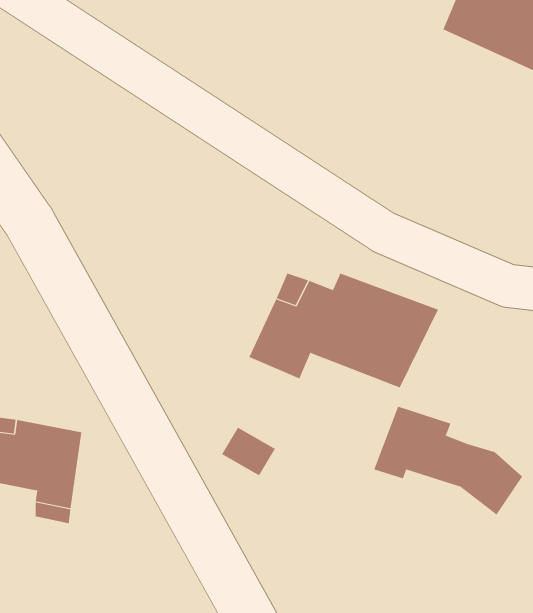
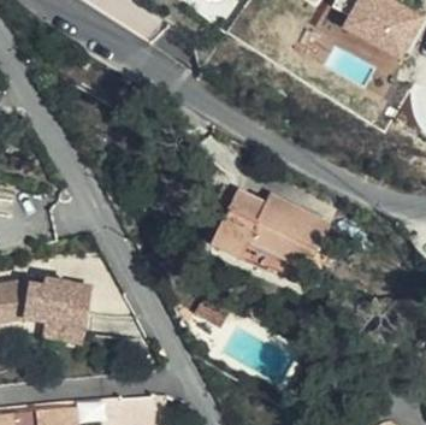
building: [374,406,523,516] -> none

